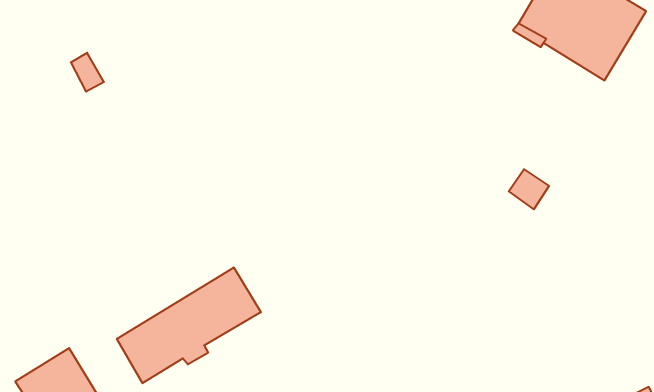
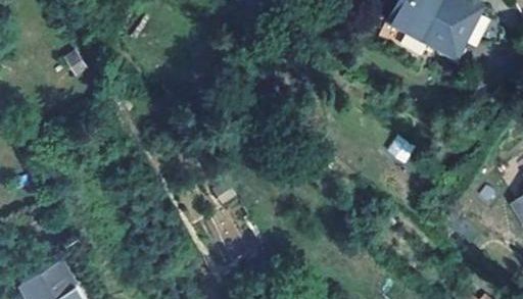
building: [117,267,261,383] -> none

